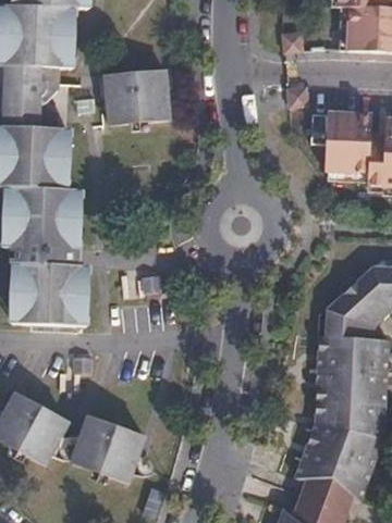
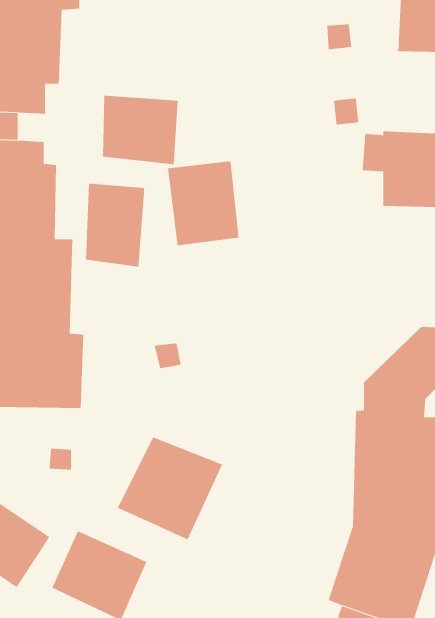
building: none -> [168,161,239,246]
building: none -> [85,183,145,267]
building: none -> [117,437,223,540]

